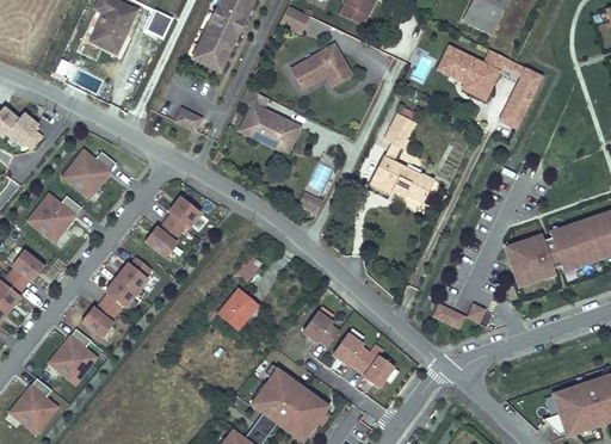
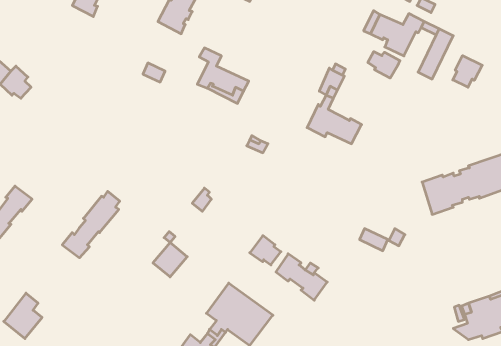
building: [294,45,353,91] -> none
building: none -> [368,52,400,78]
building: none -> [453,56,482,87]
building: [63,150,116,197] -> none
building: [27,195,80,241] -> none
building: [146,198,199,258] -> none
building: [216,290,257,331] -> [153,243,187,277]
building: [49,329,94,383] -> none

